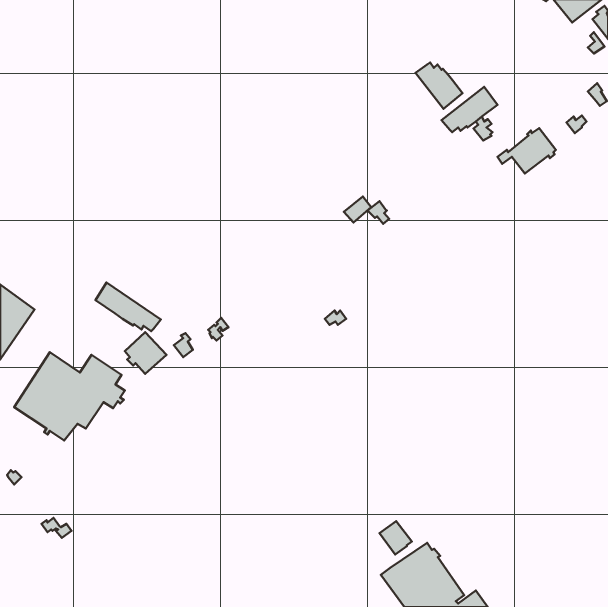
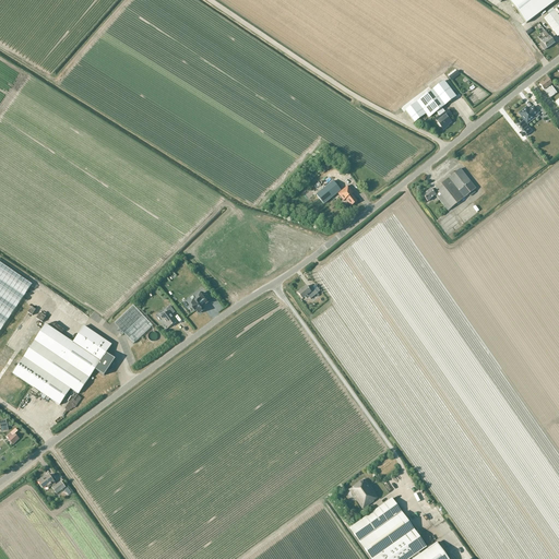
building: [416,63,463,109] -> none
building: [497,128,556,173] -> [423,168,476,210]
building: [95,283,161,331] -> none

